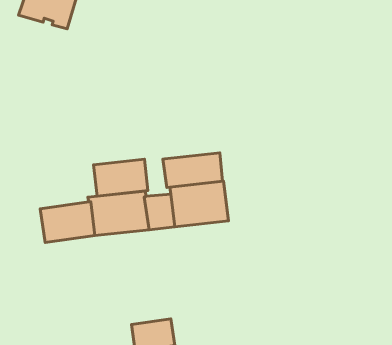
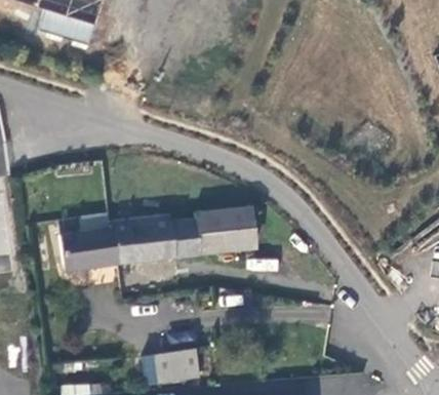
building: [163,153,223,188] -> none
building: [94,159,148,196] -> none

